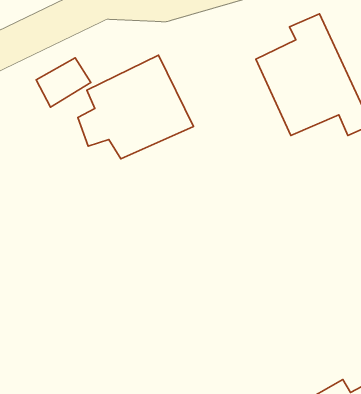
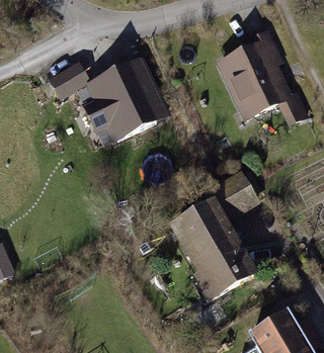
building: none -> [181,175,262,299]

